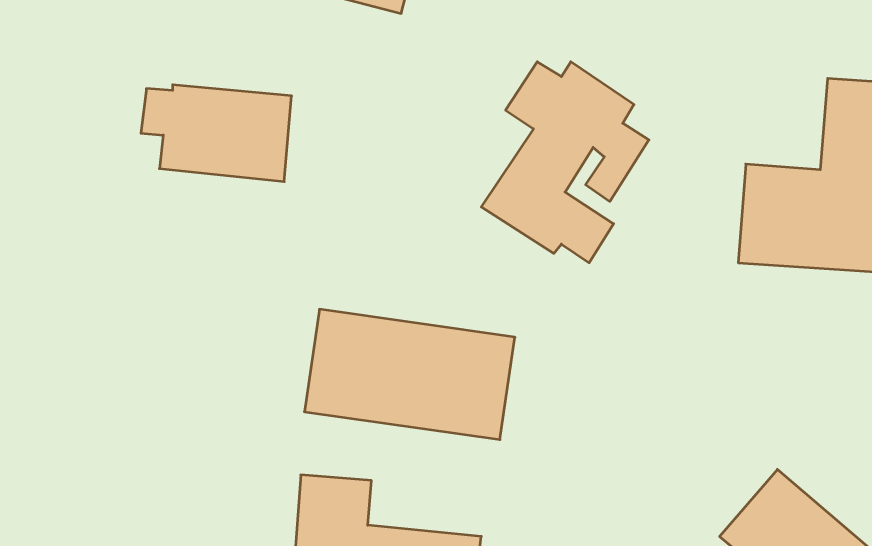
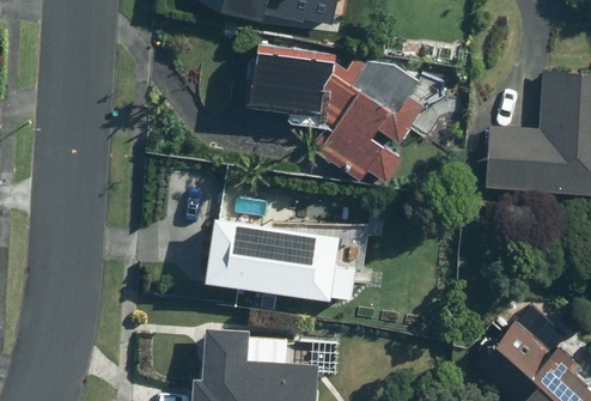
building: [141,85,292,182] -> [240,57,337,120]

